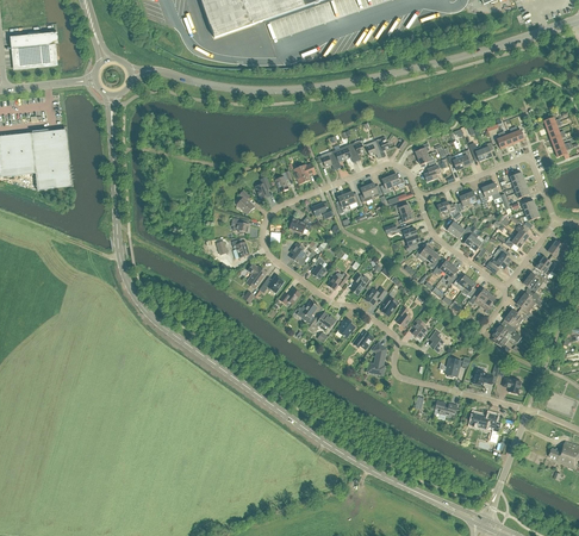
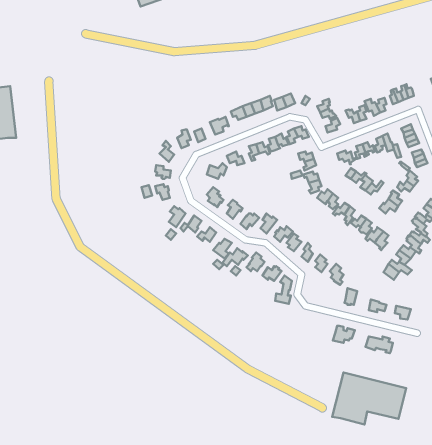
building: none -> [332,373,406,424]

